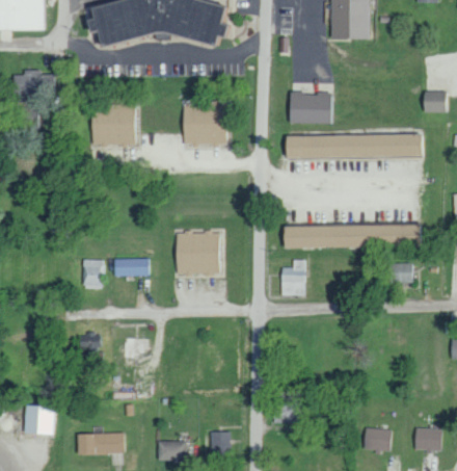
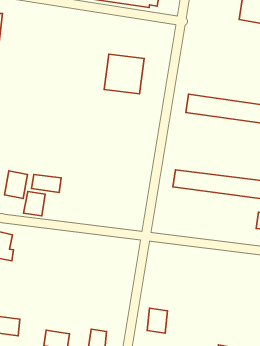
building: [289,93,332,124] -> none
building: [91,102,136,146] -> none
building: [176,231,219,274] -> none
building: [281,259,305,294] -> none
building: none -> [24,191,45,216]

